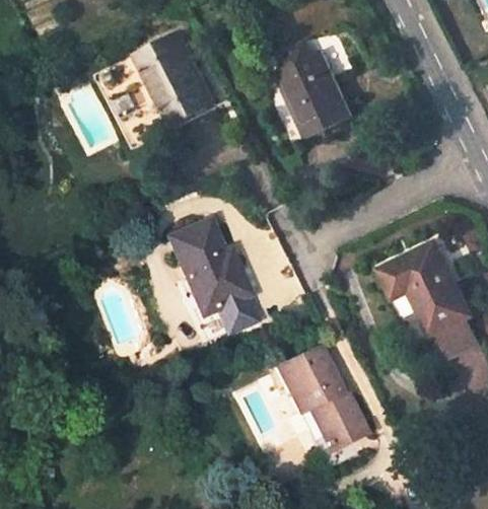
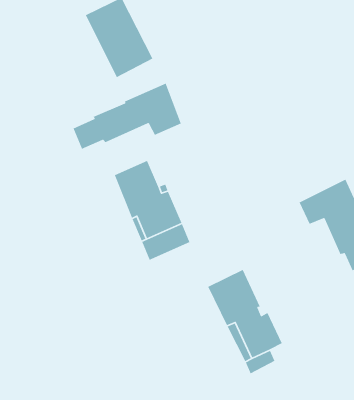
building: [277,48,353,136] -> none
building: none -> [73,82,182,150]

